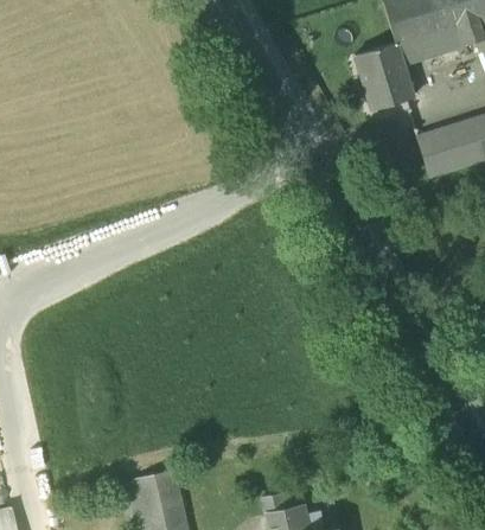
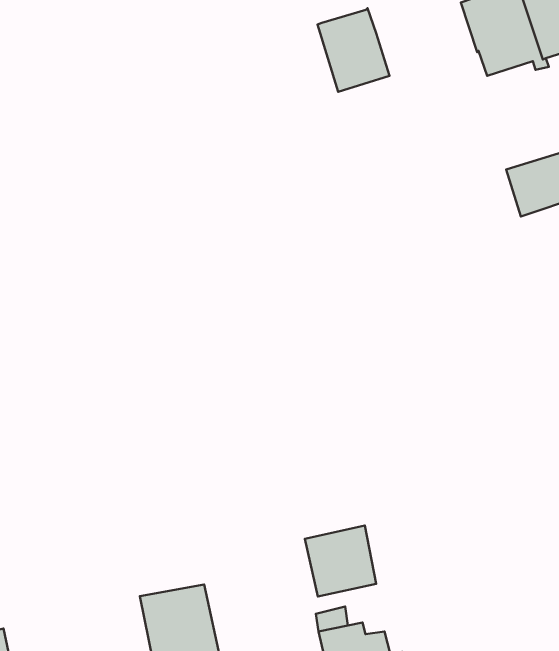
building: [357,43,415,110] -> [318,8,389,92]
building: none -> [305,526,376,597]

